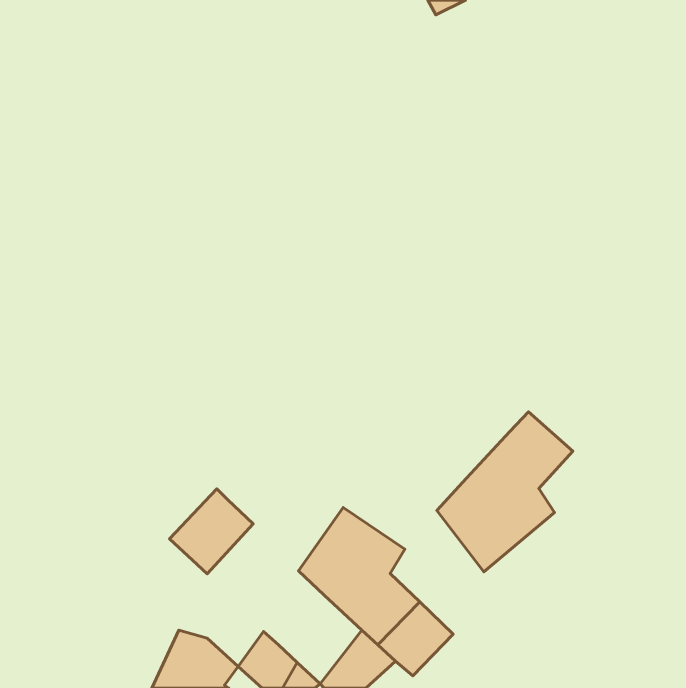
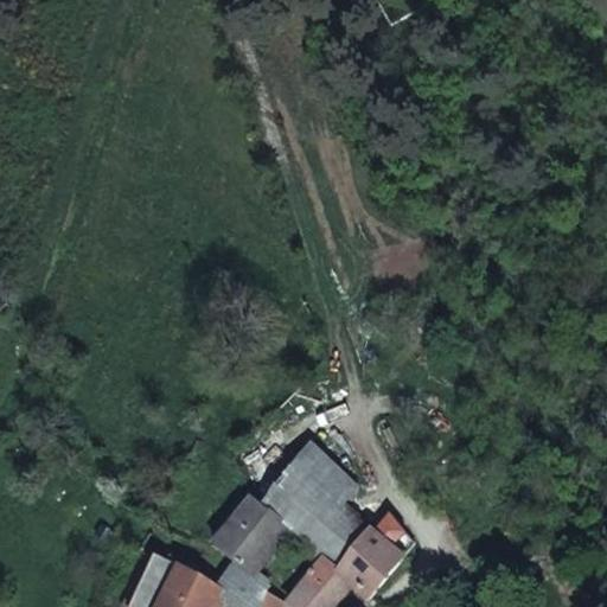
building: [437,412,573,572] -> none
building: [170,489,253,574] -> [213,493,287,568]

